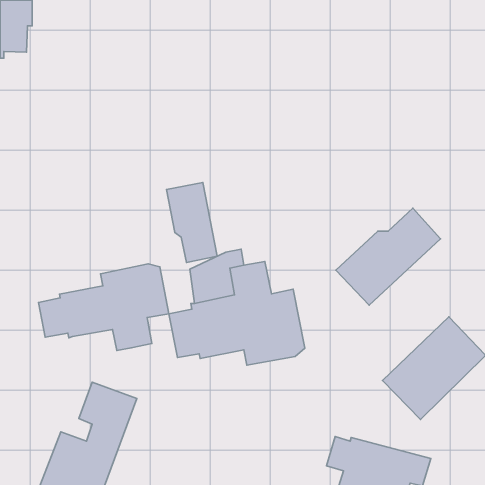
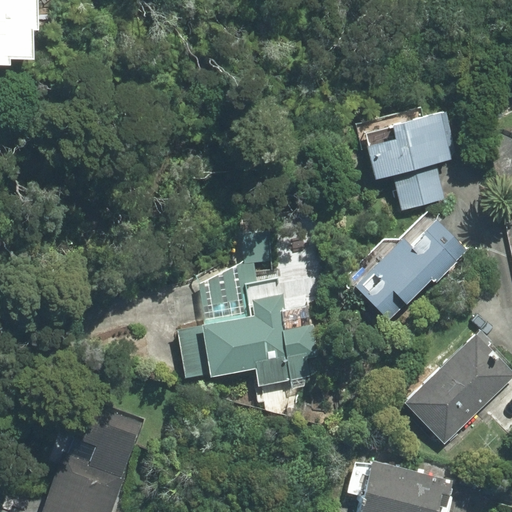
building: none -> [362,109,455,212]
building: [166,183,217,263] -> none
building: [39,264,169,350] -> none

